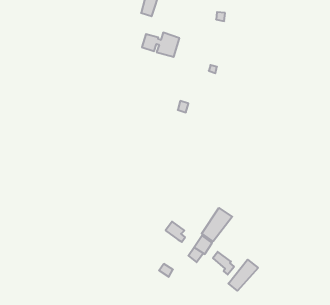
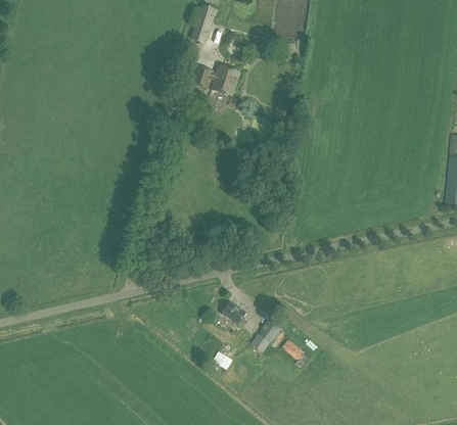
building: [202,208,232,241] -> none
building: [228,260,258,291] -> none

